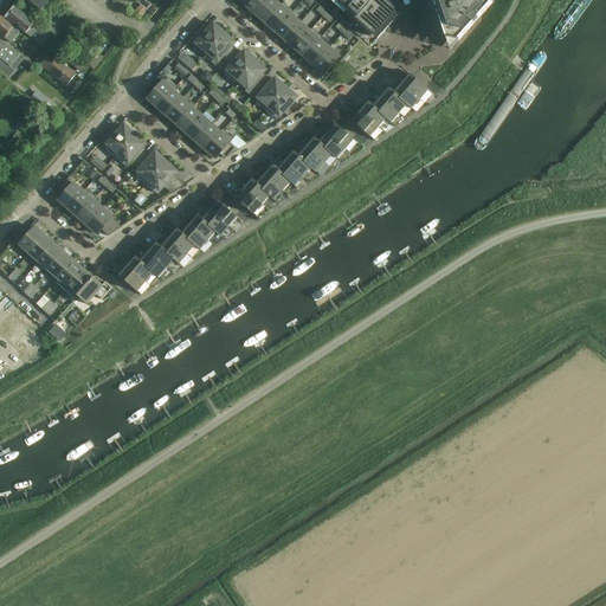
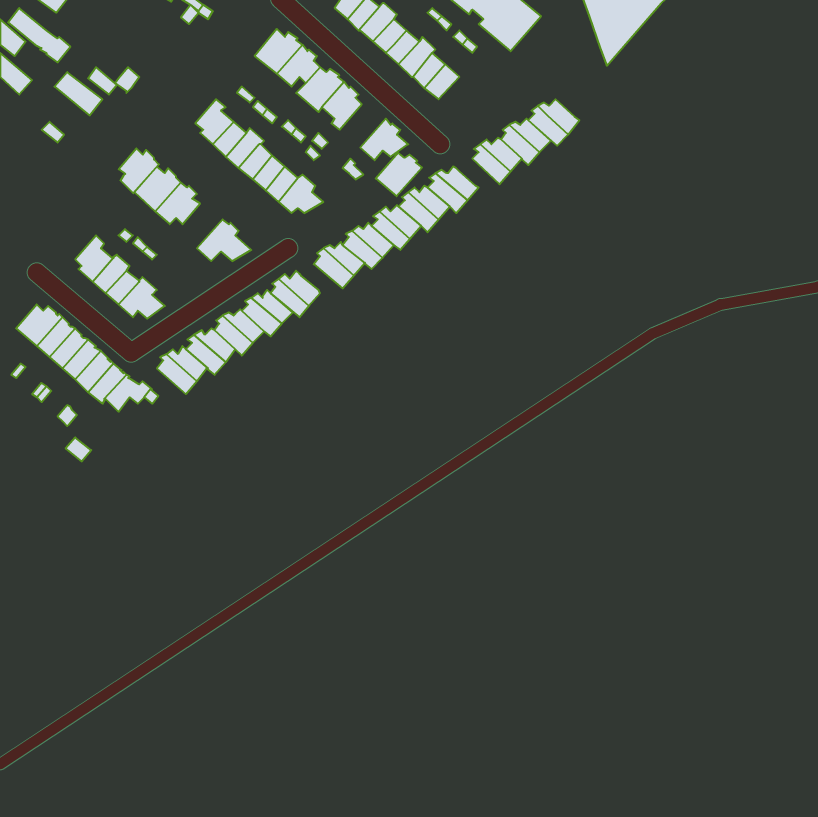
building: [251,77,285,109] -> [376,153,422,196]
building: [135,150,165,183] -> [119,148,159,193]

